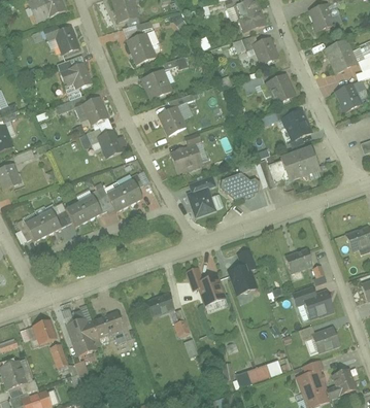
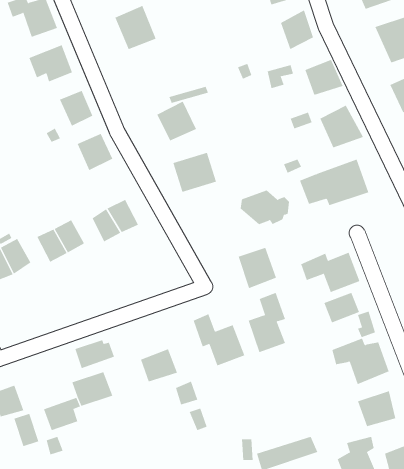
building: [139,67,174,100] -> none
building: [187,184,216,216] -> [238,247,277,289]
building: none -> [300,252,360,293]
building: [65,316,96,339] -> [74,339,115,369]

